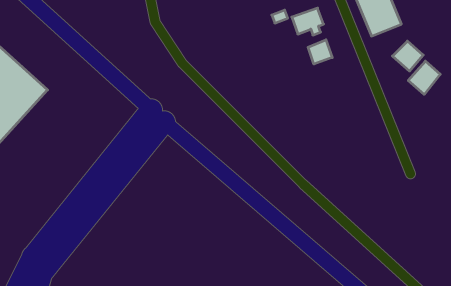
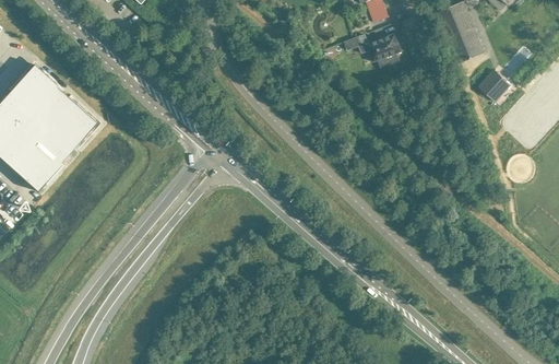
building: [308,40,332,64] -> none
building: [408,61,440,94] -> none

